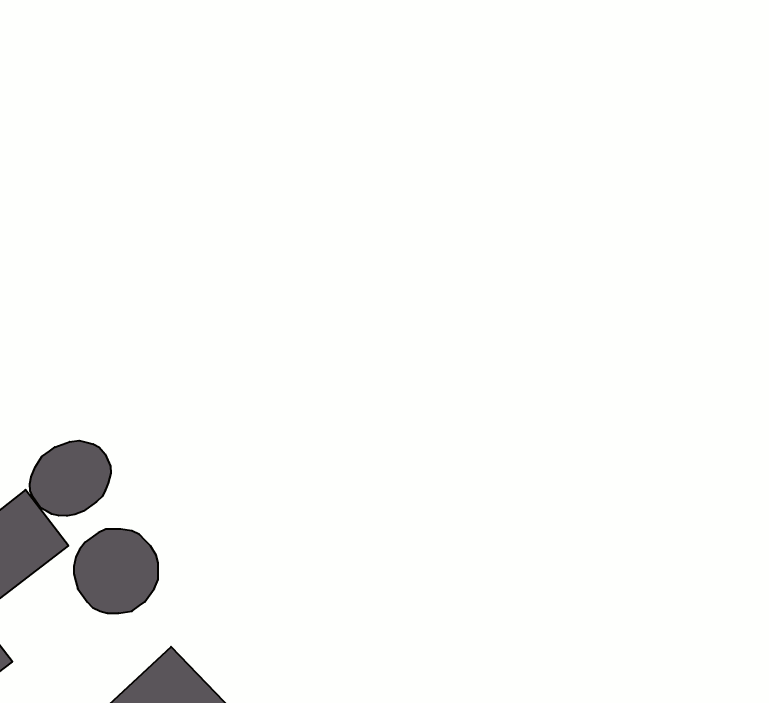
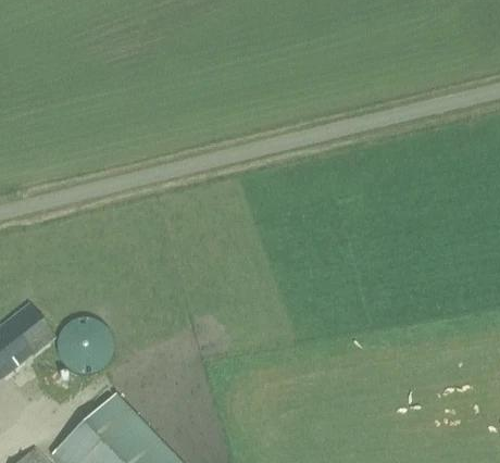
building: [30,441,111,516] -> none

